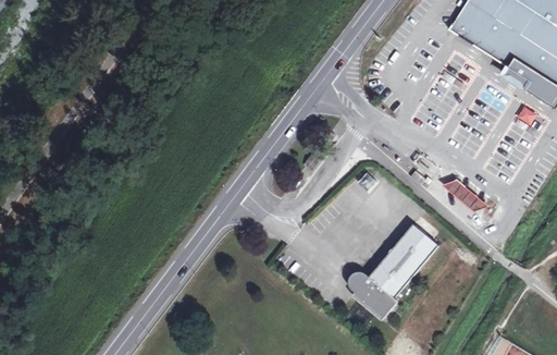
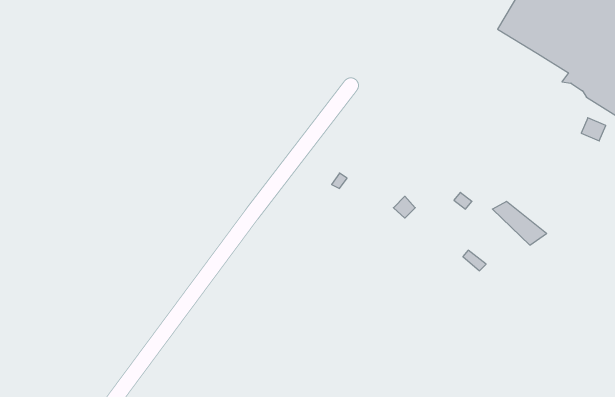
building: [350,225,440,319] -> none

